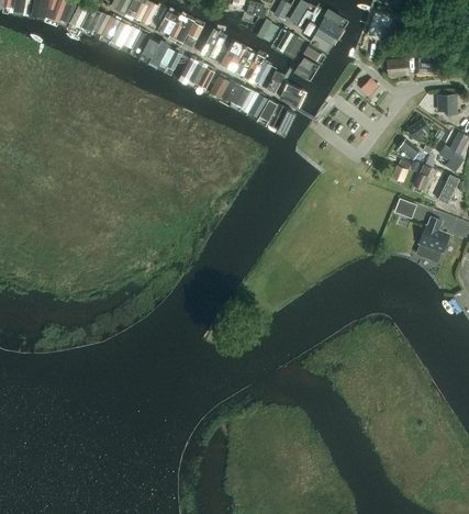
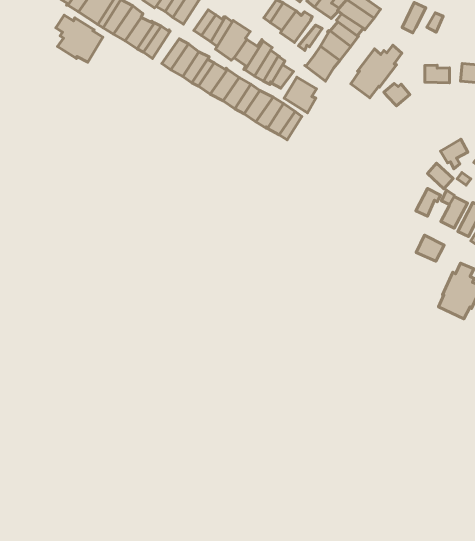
building: none -> [351,45,402,98]
building: none -> [56,15,103,62]

